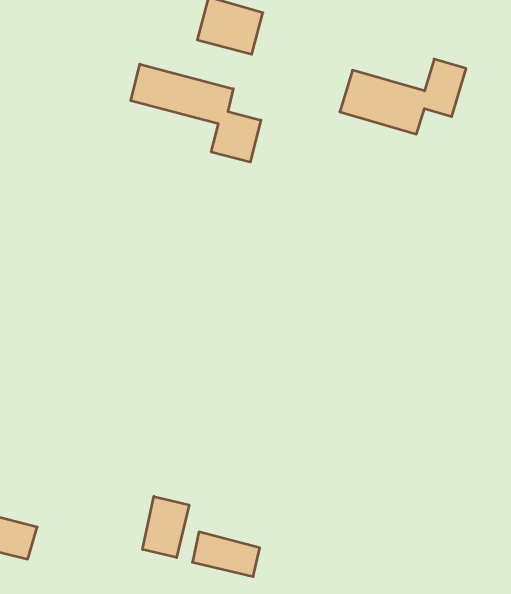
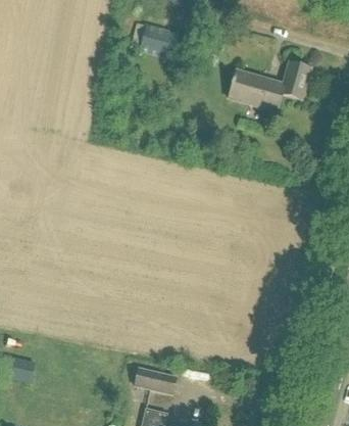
building: [131,64,261,162] -> none
building: [143,496,189,558] -> none

